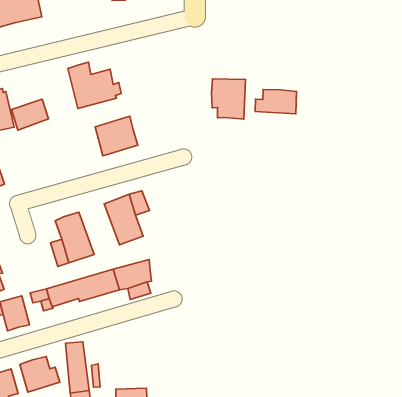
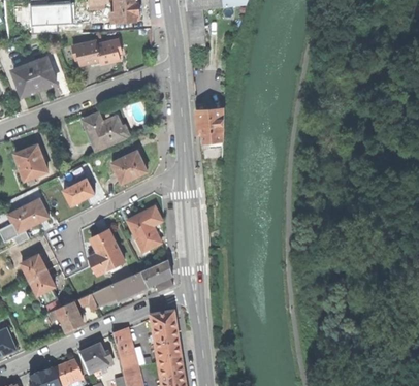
building: [255,90,297,114] -> none
building: [11,99,49,130] -> [63,179,93,205]
building: none -> [149,314,180,363]

